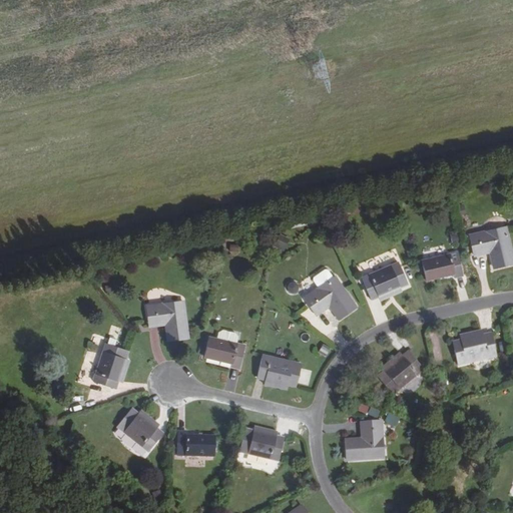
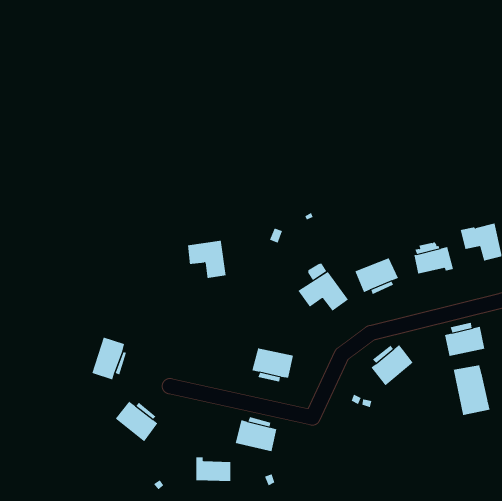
building: [147,301,187,340] -> [187,240,226,278]
building: [204,337,244,368] -> none
building: none -> [453,364,490,416]
building: [346,421,383,460] -> none
building: [177,431,213,456] -> [196,457,231,481]

